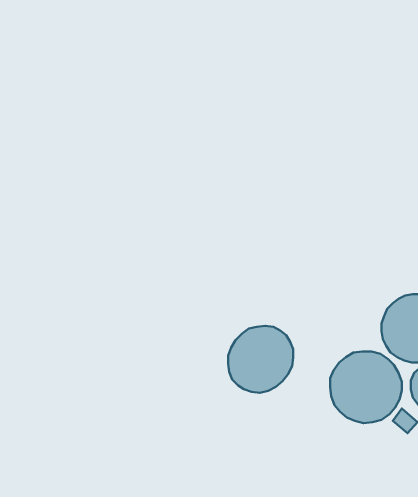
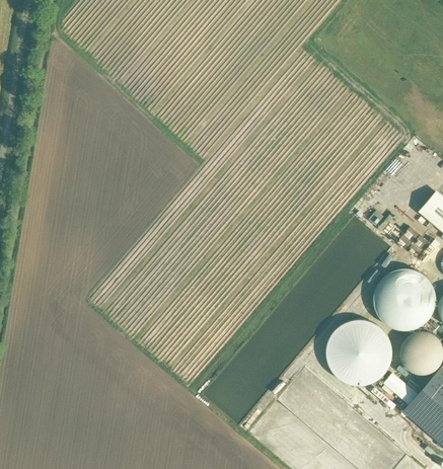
building: [228,326,293,393] -> none

